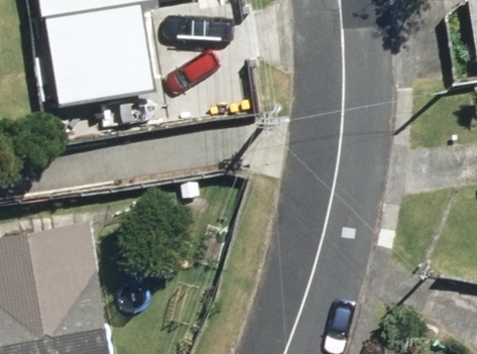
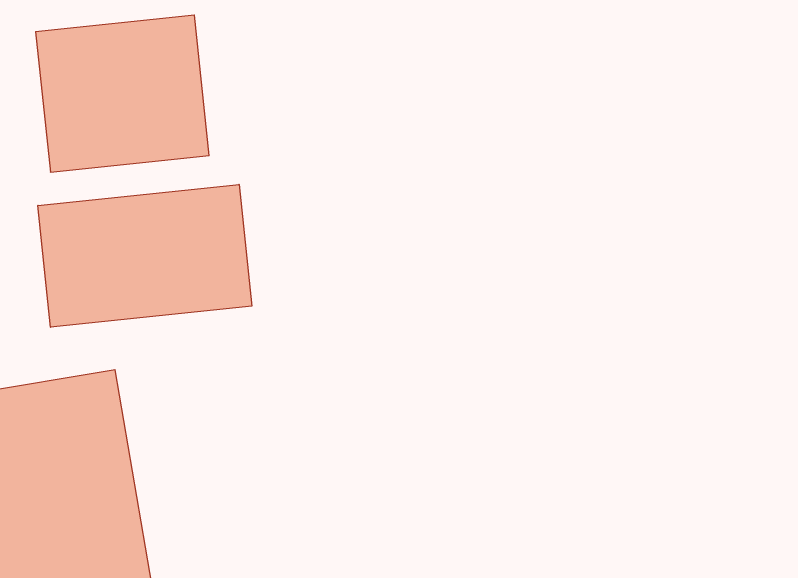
building: none -> [38,184,252,327]

